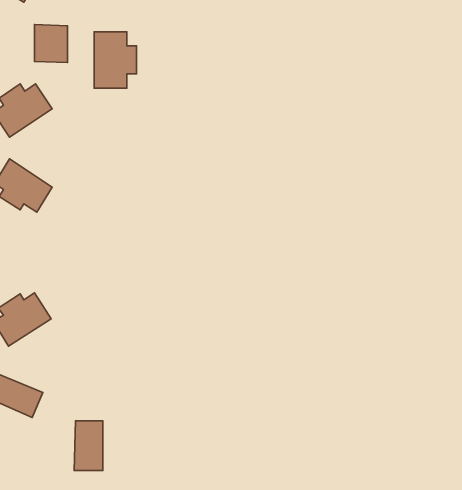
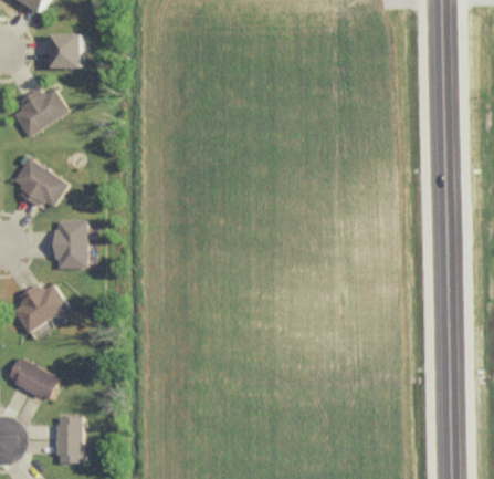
building: [94,32,136,88] -> none
building: none -> [52,220,86,269]
building: [74,421,103,471] -> [55,416,82,462]

